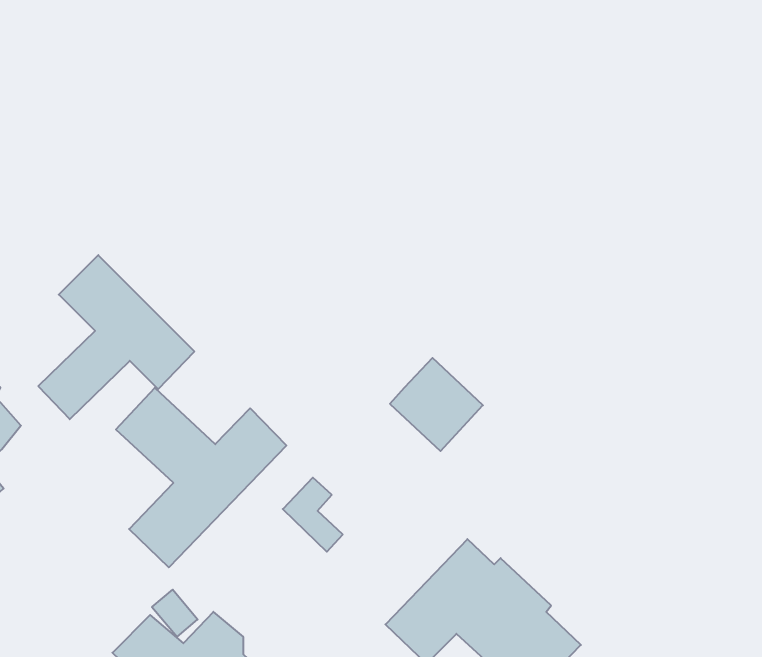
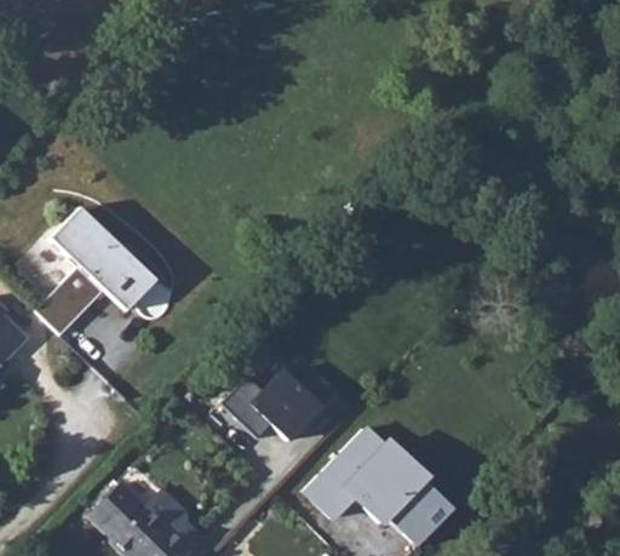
building: [390,358,483,451] -> [249,369,321,441]
building: [116,388,286,567] -> none

